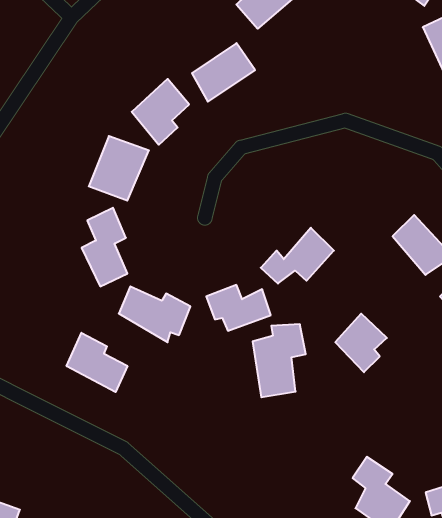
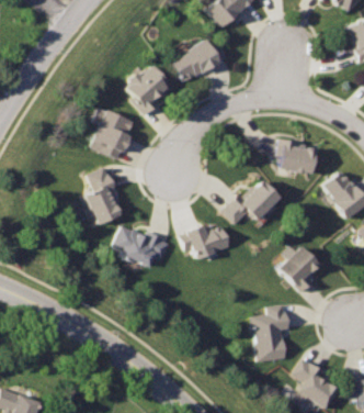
building: none -> [277,139,316,169]
building: [253,324,306,397] -> [253,305,294,361]
building: [67,333,127,392] -> none

